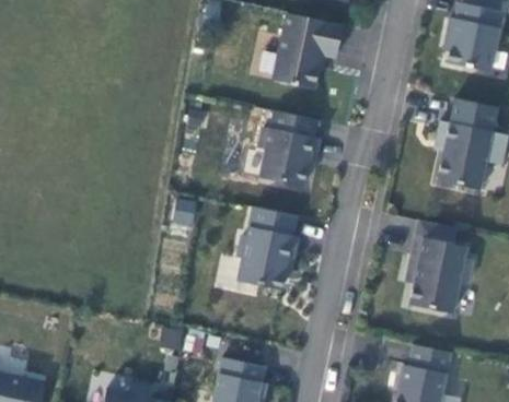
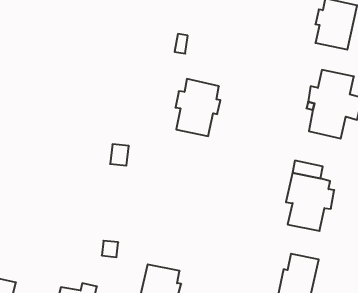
building: [274,13,344,88] -> none
building: [238,206,298,289] -> none

